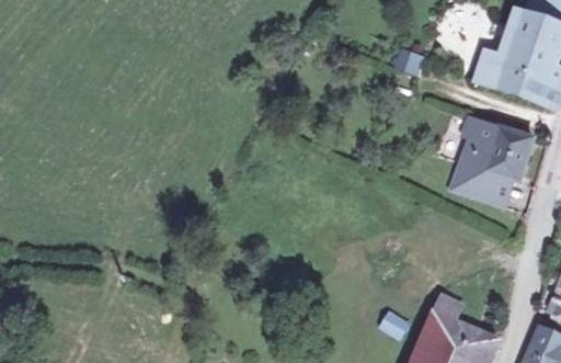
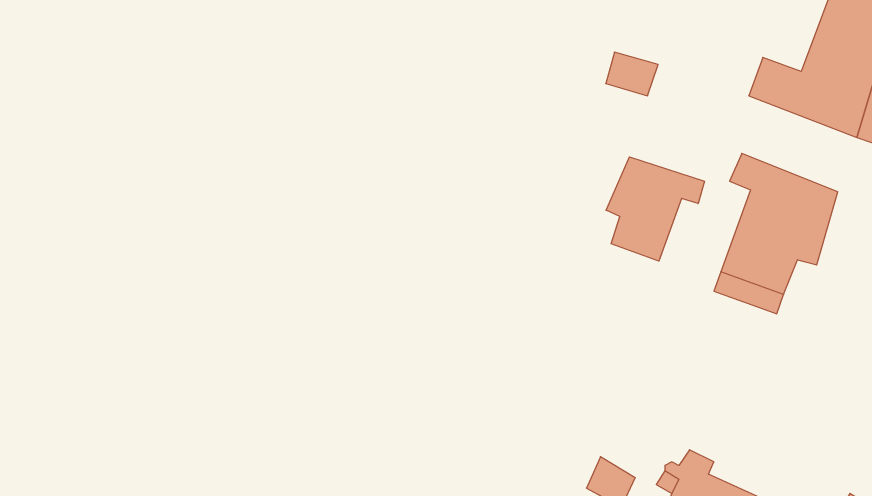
building: none -> [606,157,705,261]

